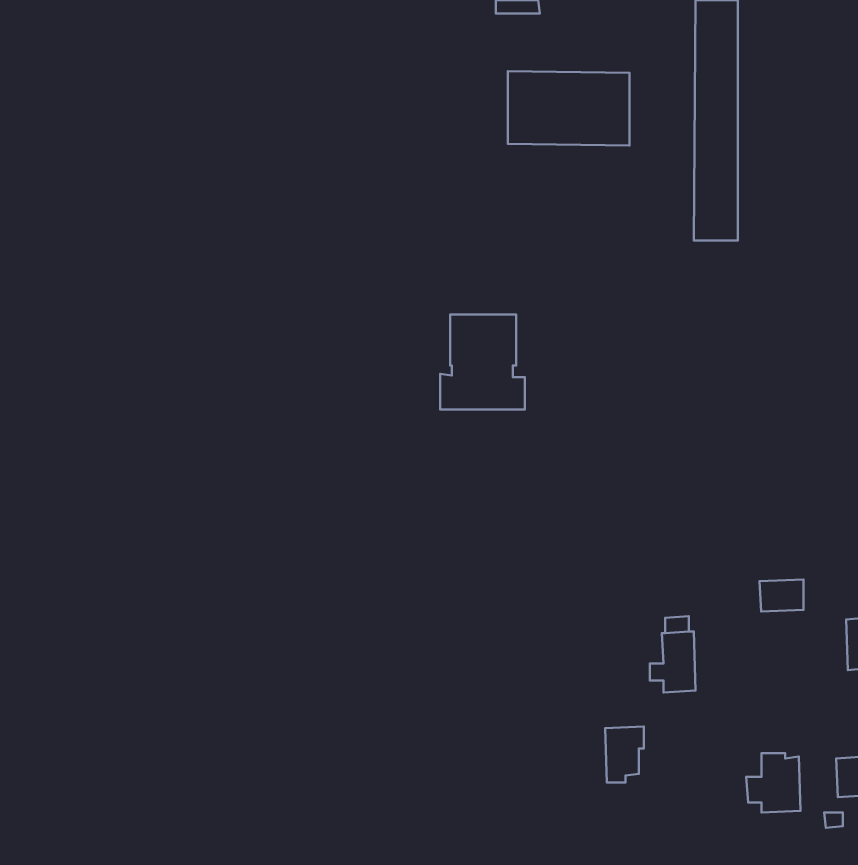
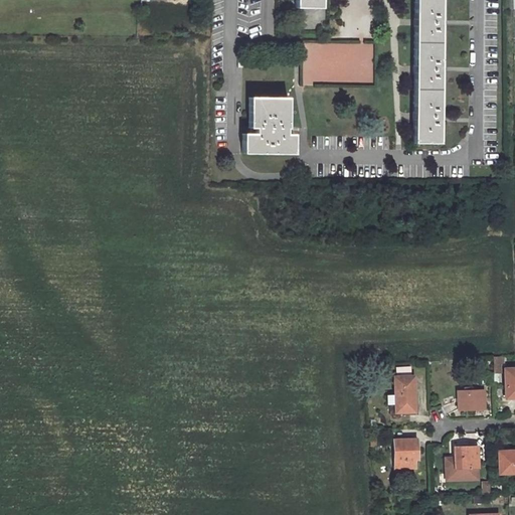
building: [440,315,525,409] -> [246,98,297,154]
building: [759,579,803,612] -> [461,390,487,409]
building: [605,727,644,782] -> [396,438,419,471]

